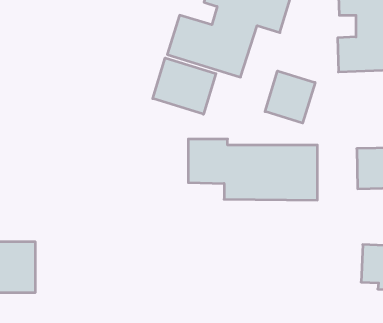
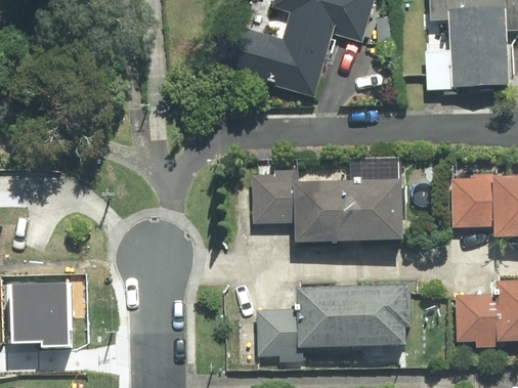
building: [153,58,216,114] -> none
building: [265,71,315,123] -> none
building: none -> [255,285,414,358]

